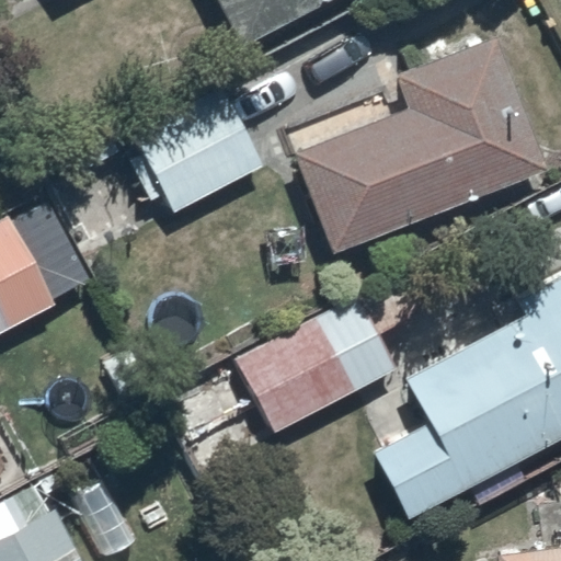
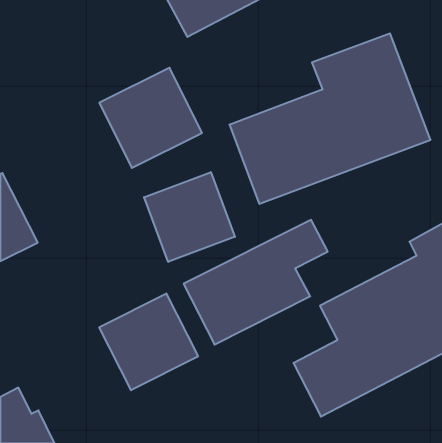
building: none -> [144,172,235,262]
building: none -> [99,293,198,390]

